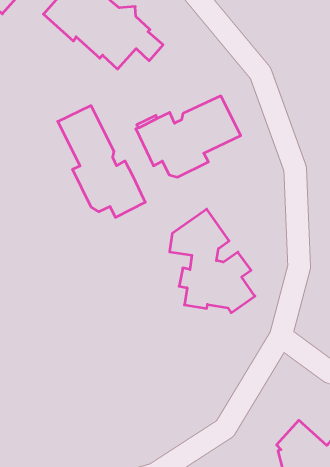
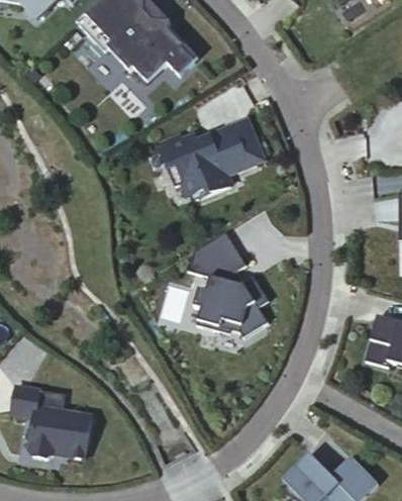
building: [58,106,145,217] -> none
building: none -> [12,386,92,460]

